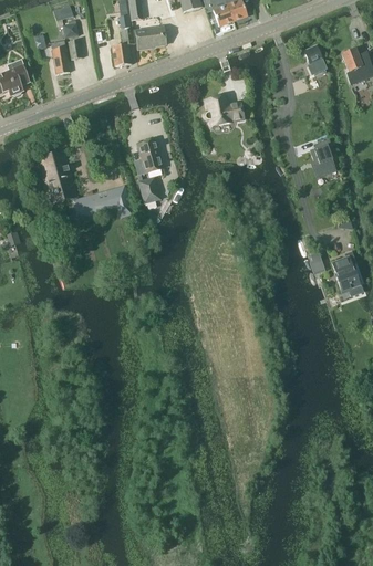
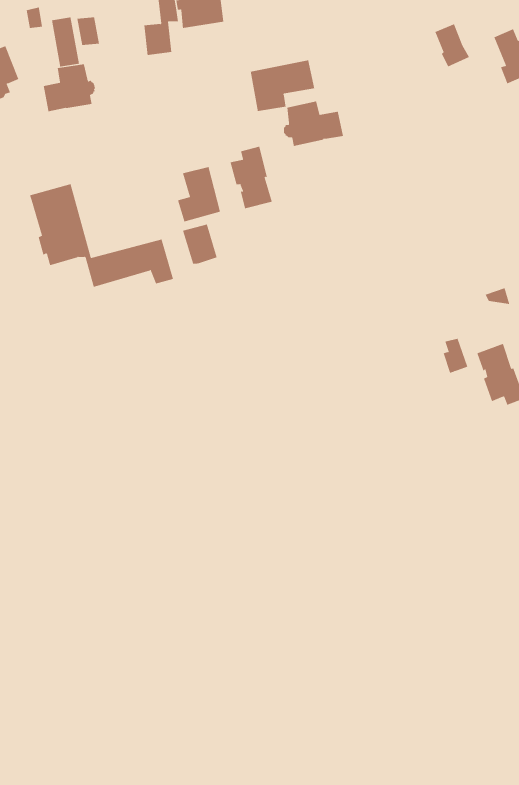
building: none -> [250,60,315,112]
building: none -> [43,64,96,112]
building: none -> [230,146,273,209]
building: [310,138,335,174] -> none

